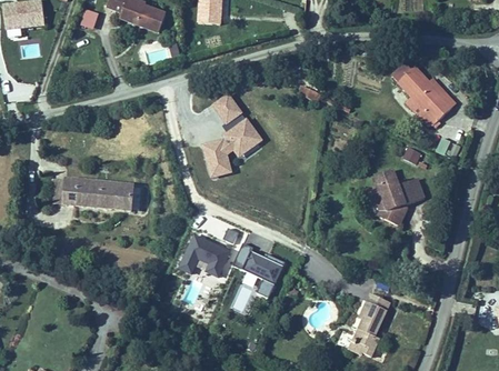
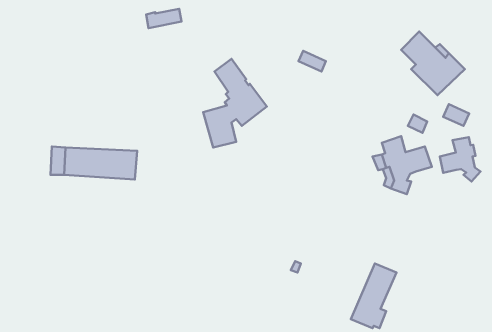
building: none -> [440,137,480,182]
building: [178,233,230,277] -> none
building: [231,242,285,297] -> none

